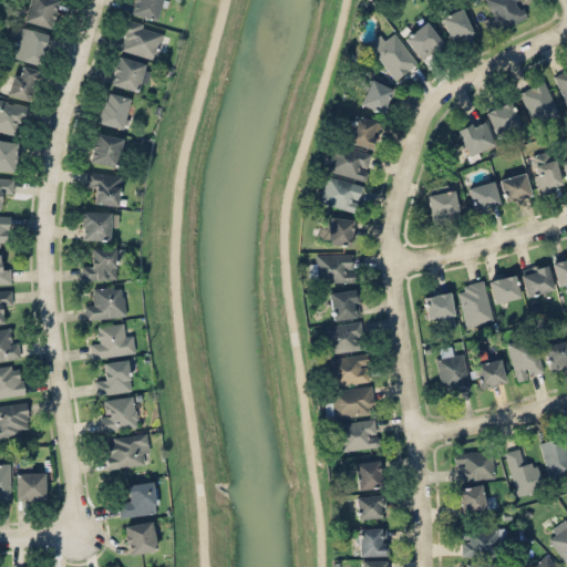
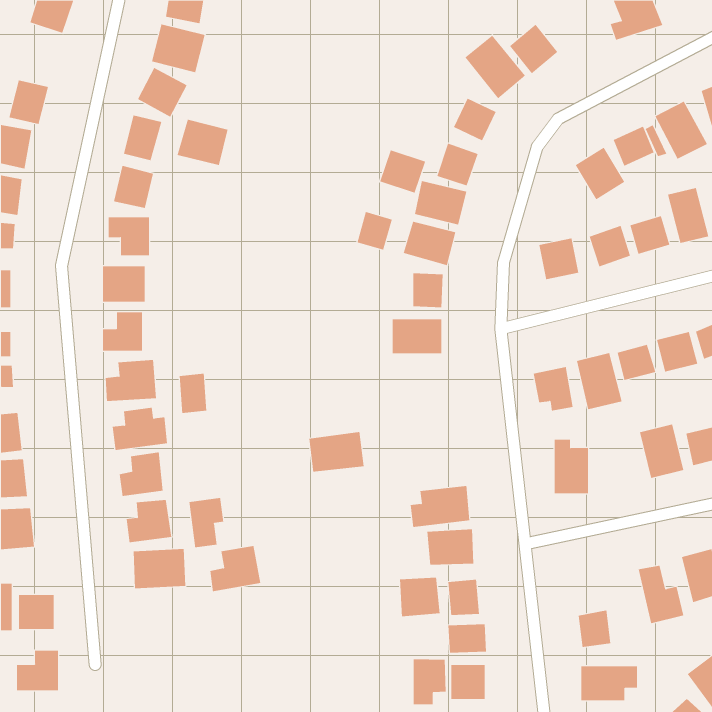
building: [443,10,473,43] -> none
building: [8,25,50,65] -> none
building: none -> [177,119,228,166]
building: none -> [379,149,426,194]
building: none -> [357,211,392,251]
building: [332,291,361,318] -> none
building: none -> [179,373,207,414]
building: [321,322,365,354] -> [308,431,364,472]
building: [474,353,506,389] -> none
building: [330,354,370,386] -> none
building: none -> [189,497,224,548]
building: [455,451,495,483] -> none
building: none -> [399,577,440,617]
building: [120,482,161,518] -> [209,546,261,592]
building: none -> [16,650,59,691]
building: [125,522,157,555] -> none
building: none -> [413,658,446,705]

